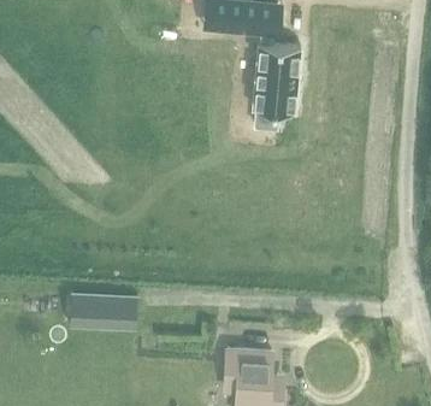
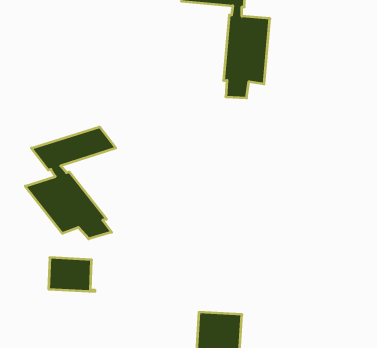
building: none -> [25,127,116,239]

